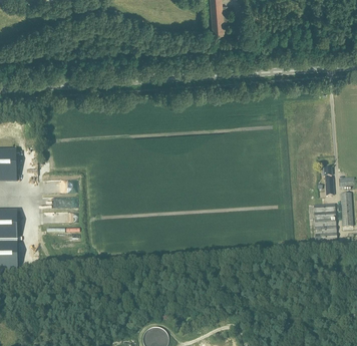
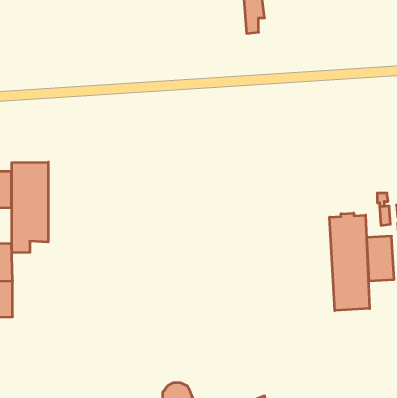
building: none -> [12,162,48,253]
building: none -> [330,213,370,311]

